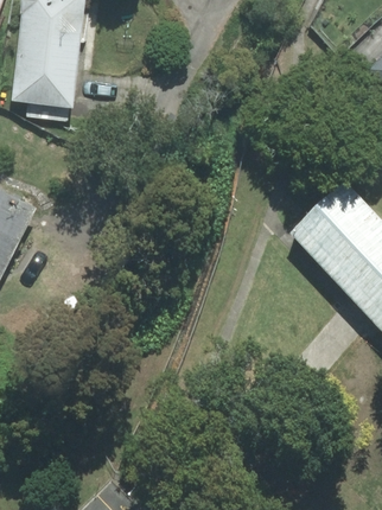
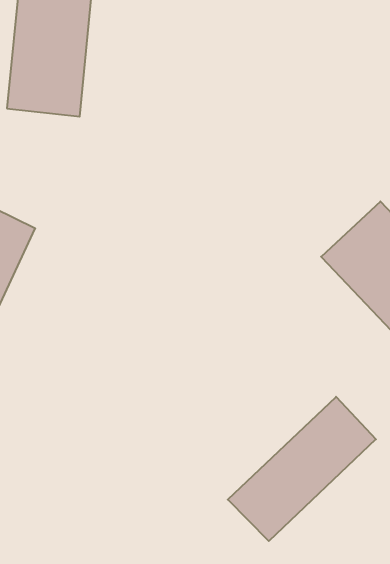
building: none -> [228,397,376,541]

